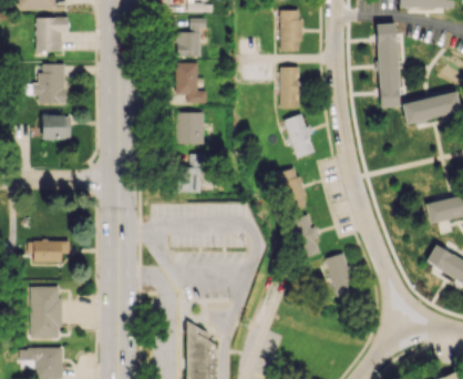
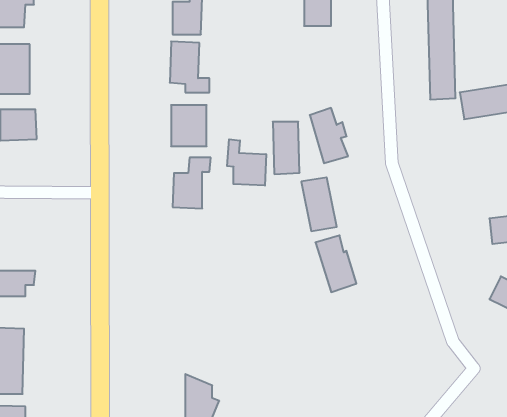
building: [279,66,300,107] -> [273,122,300,174]
building: none -> [227,139,266,186]
building: [326,253,354,298] -> none

